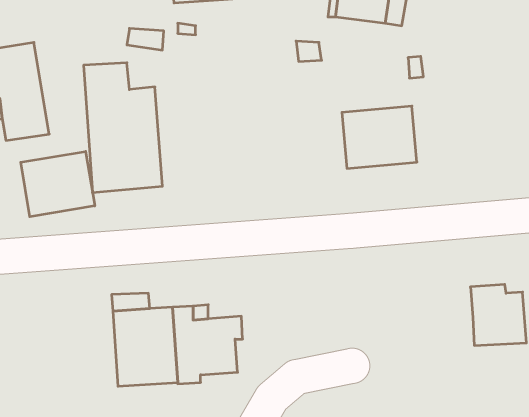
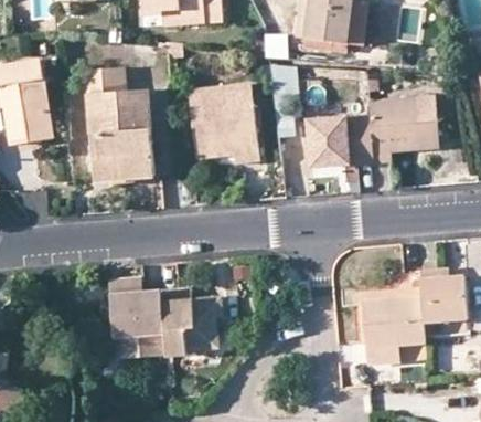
building: none -> [189,85,258,166]
building: none -> [368,96,439,163]
building: [21,151,95,217] -> none
building: none -> [362,298,426,365]

